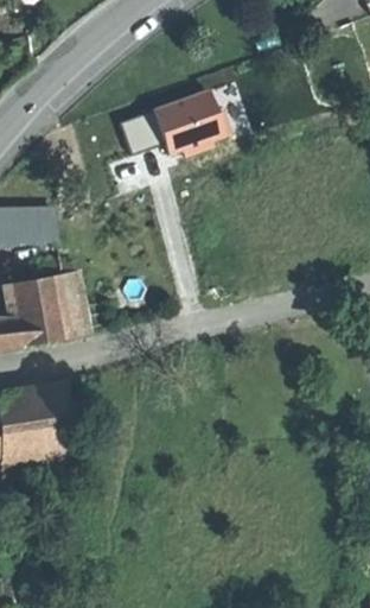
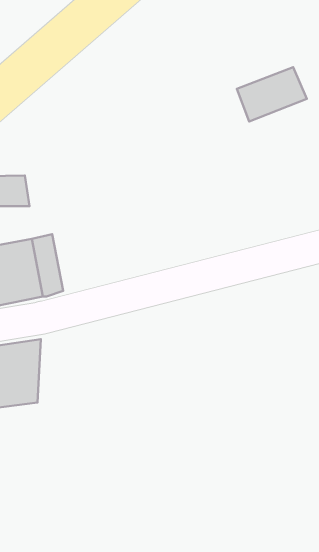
building: [148,94,222,151] -> [237,67,307,121]

